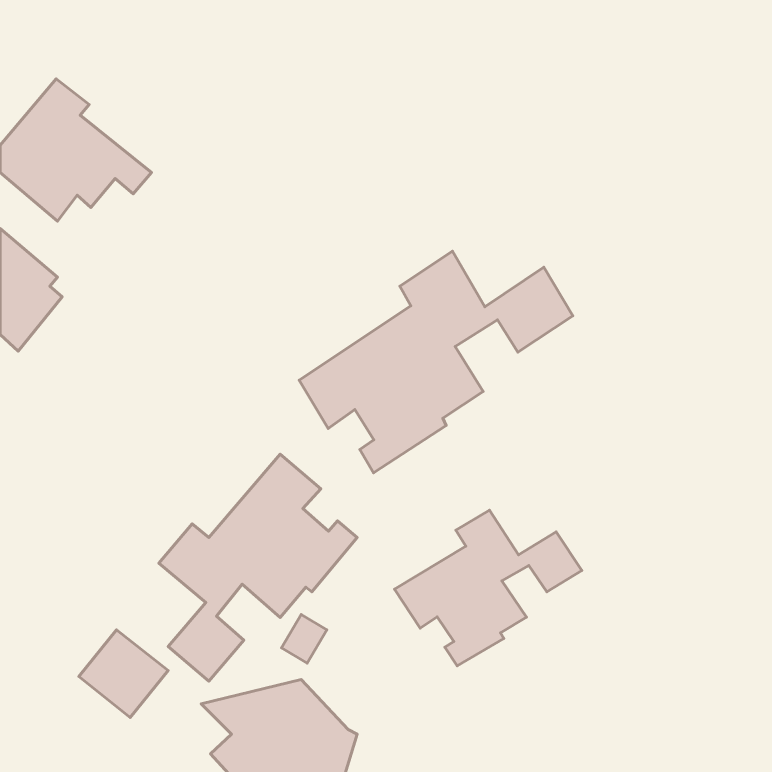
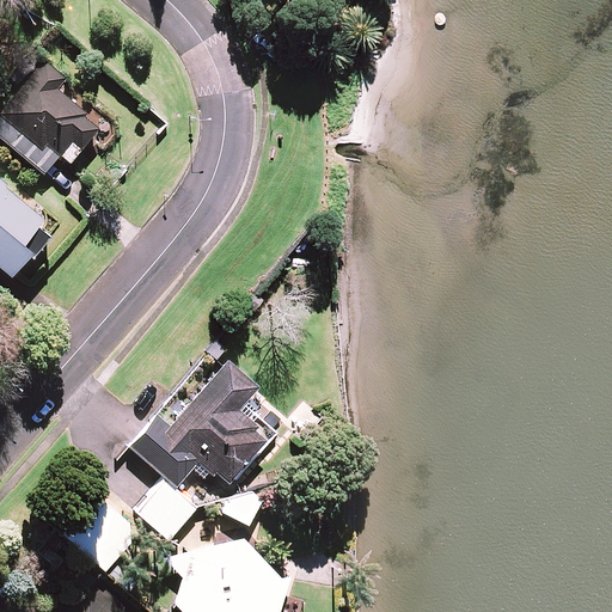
building: [299,251,573,473] -> none
building: [394,510,582,666] -> none

